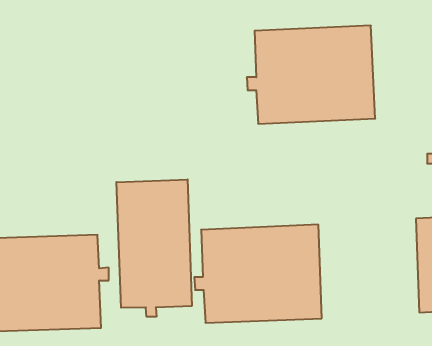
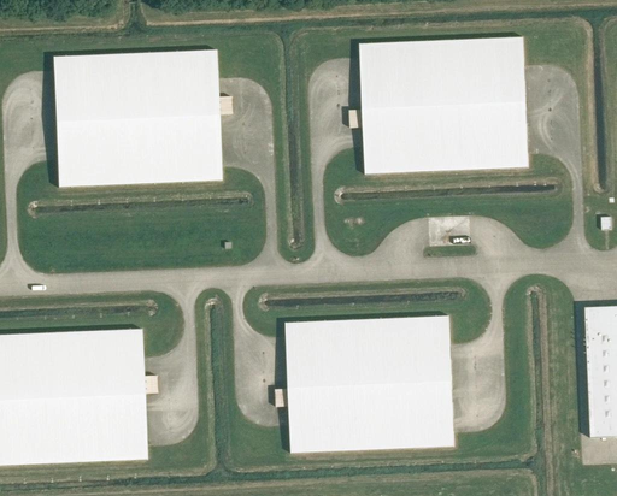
building: none -> [53,49,231,185]
building: [116,179,192,317] -> none

